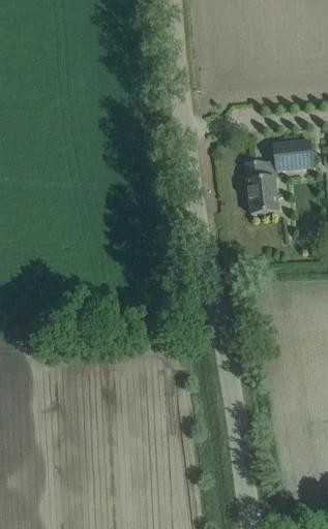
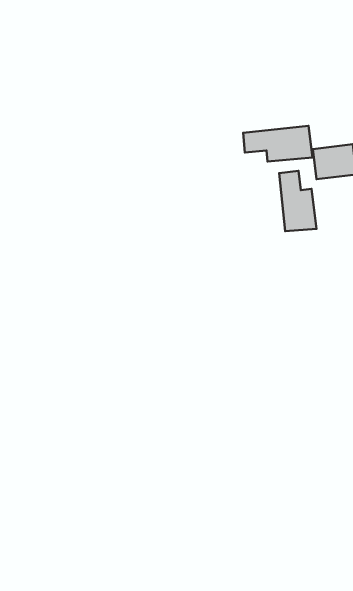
building: none -> [243,126,313,161]

